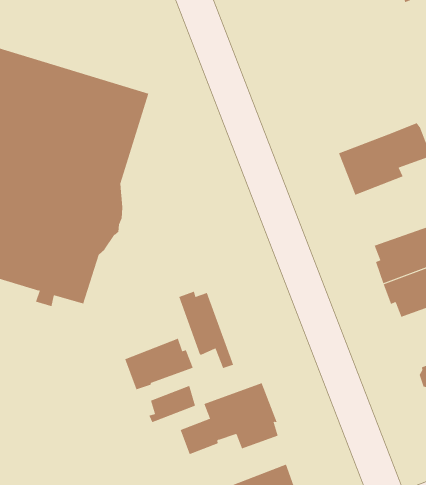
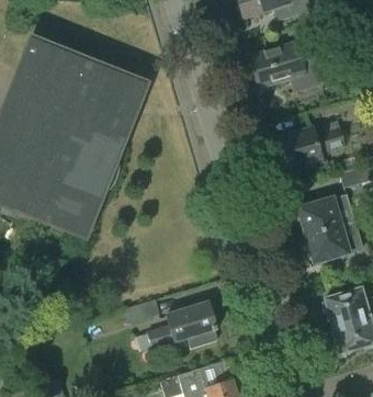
building: none -> [249,41,321,90]
building: [178,291,234,369] -> none
building: [124,338,194,390] -> none

